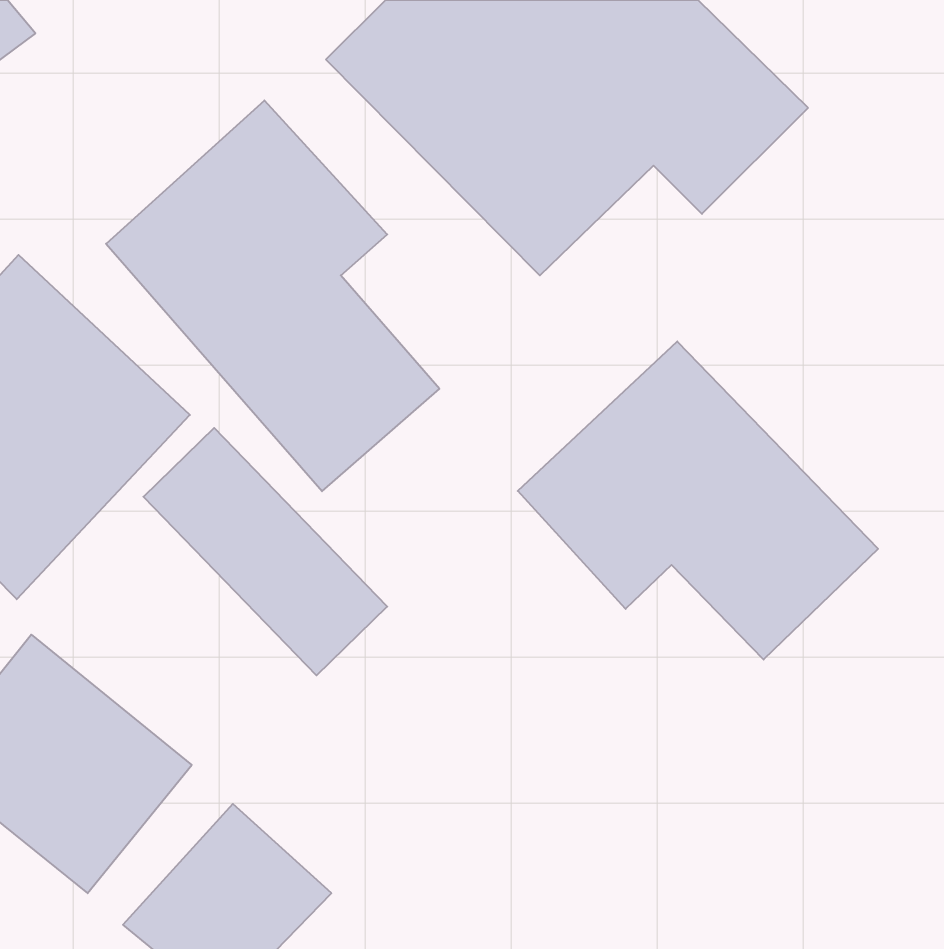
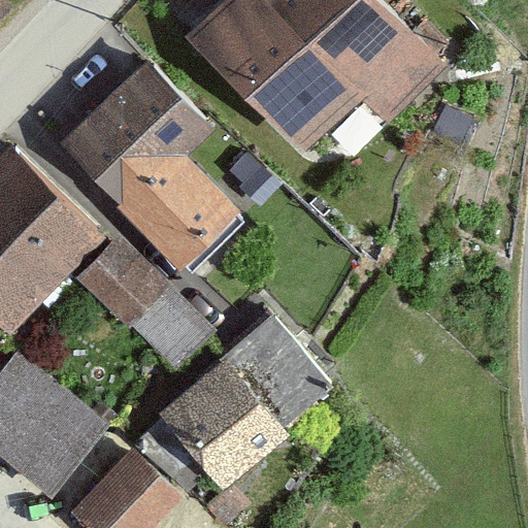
building: [518,341,878,660] -> none
building: none -> [158,311,334,487]

